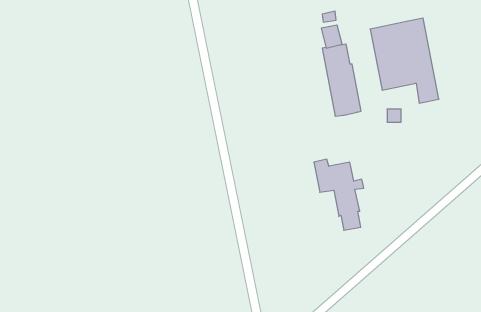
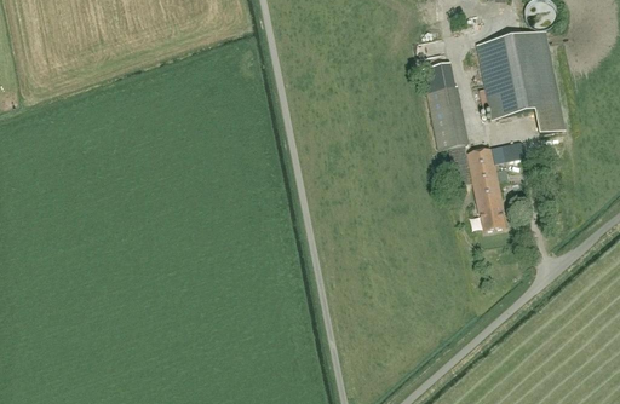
building: [314,159,364,230] -> [448,143,509,229]

